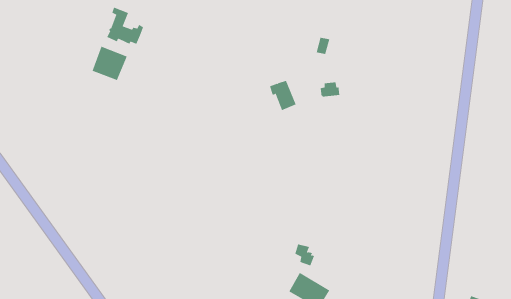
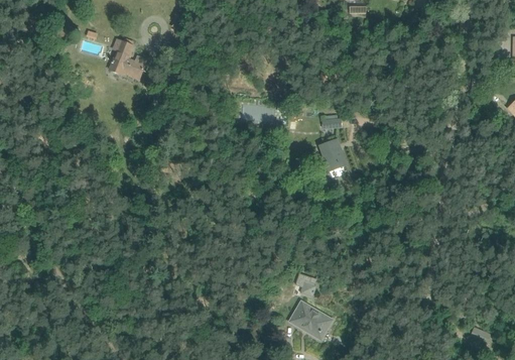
building: [92,46,127,81] -> none
building: [269,80,297,111] -> [319,140,347,170]

